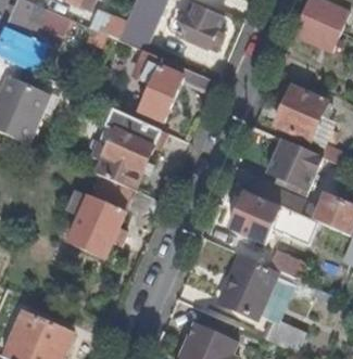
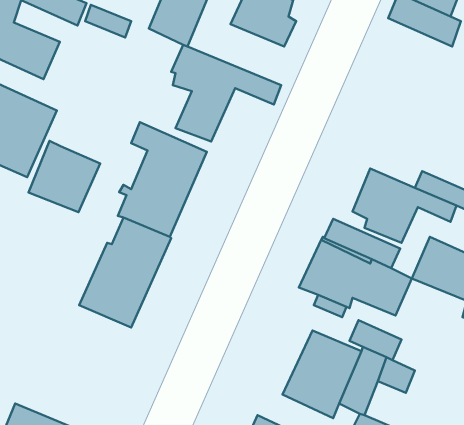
building: [273,84,338,143] -> none
building: none -> [28,141,100,212]

